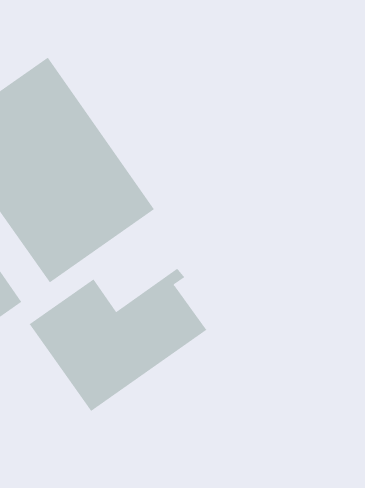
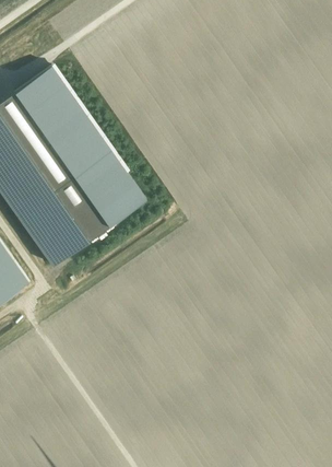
building: [29,268,207,412] -> none

